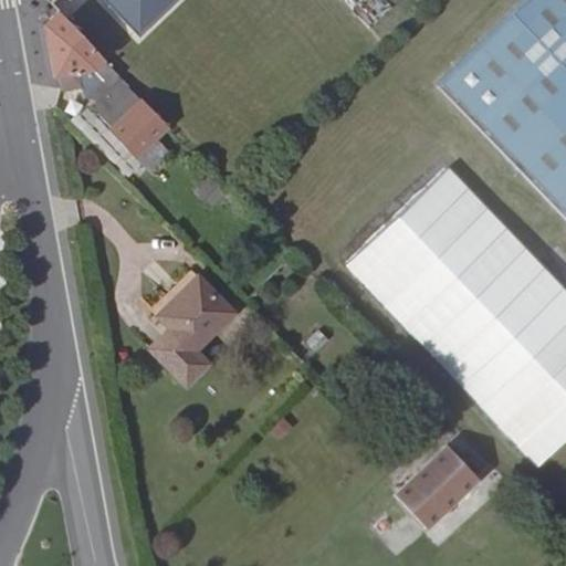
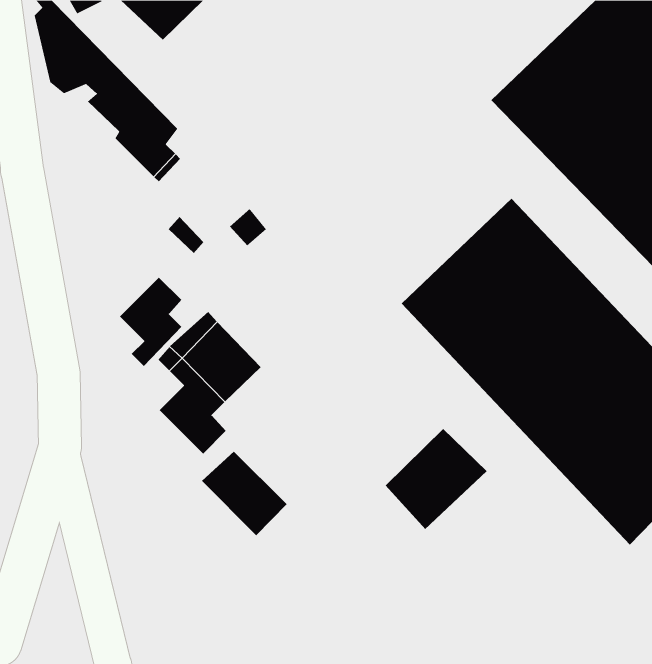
building: none -> [119,277,182,367]
building: none -> [201,451,288,536]
building: [403,446,491,532] -> [385,428,488,530]

